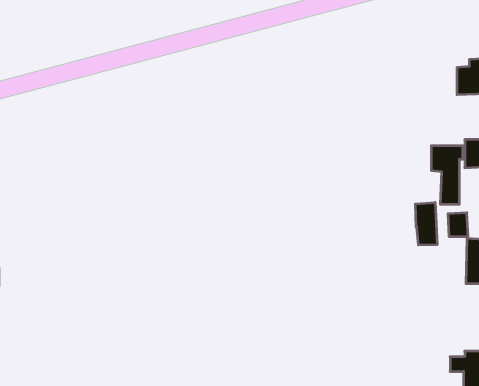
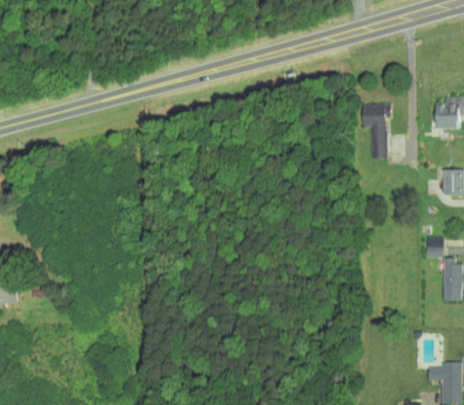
building: [431,146,463,204] -> [361,103,389,156]
building: [415,202,437,245] -> none

